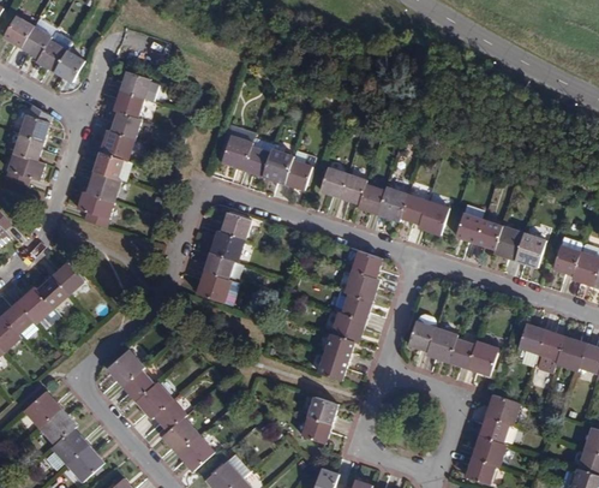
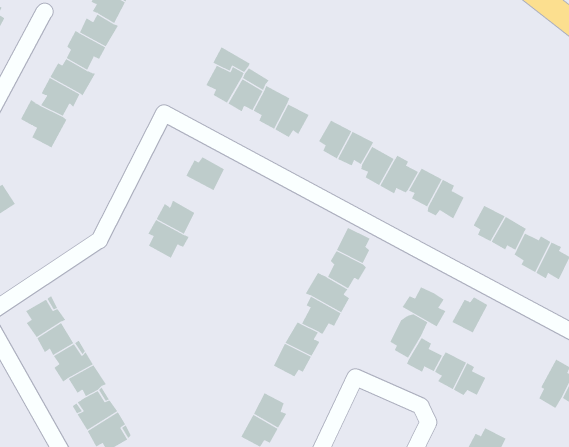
building: [210,231,244,261] -> none
building: none -> [402,286,446,327]
building: [519,325,546,355] -> [451,296,488,333]

